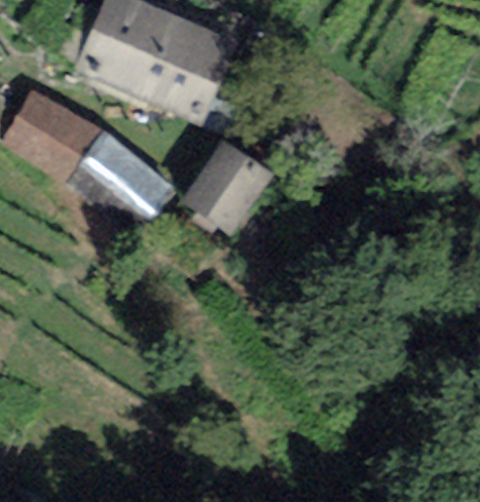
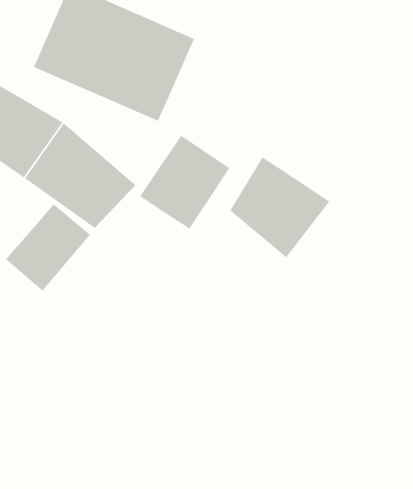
building: none -> [230,156,330,258]
building: none -> [5,203,91,291]

